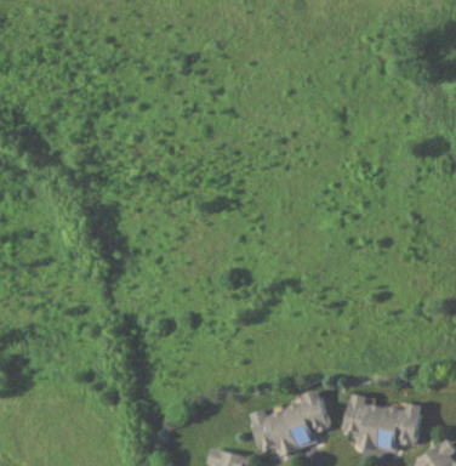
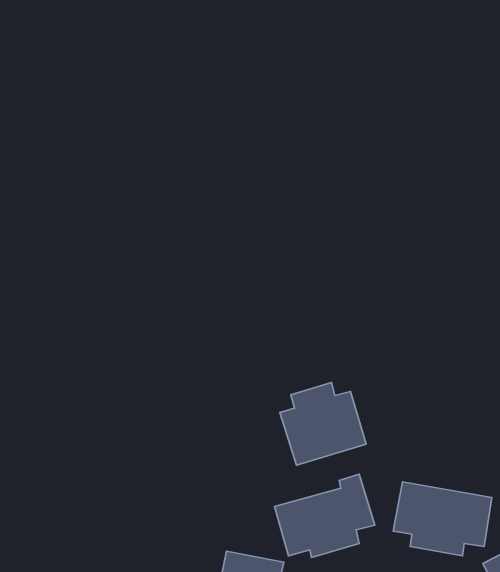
building: none -> [280,382,366,465]

